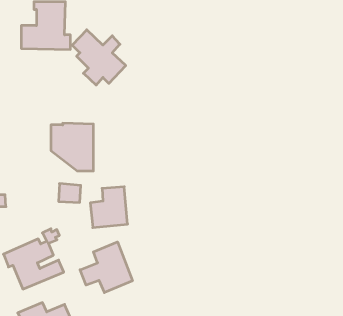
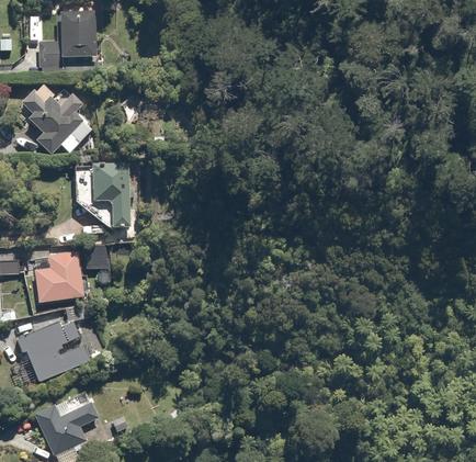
building: [72,30,126,85] -> [23,83,92,155]
building: [90,187,128,228] -> [35,249,83,302]
building: [80,242,132,293] -> none

